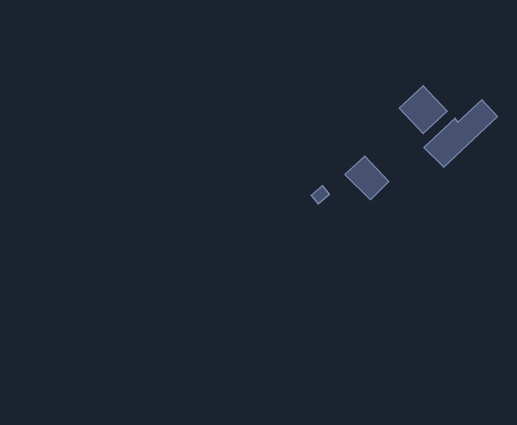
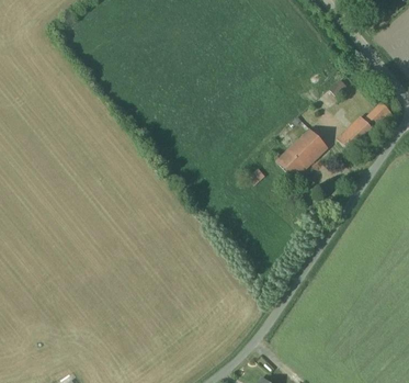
building: [399,86,447,134] -> [291,127,328,165]

